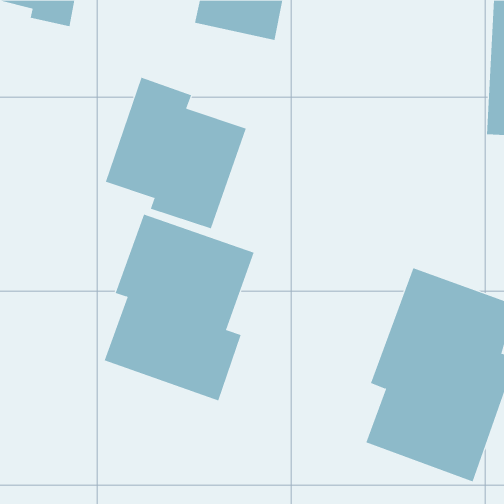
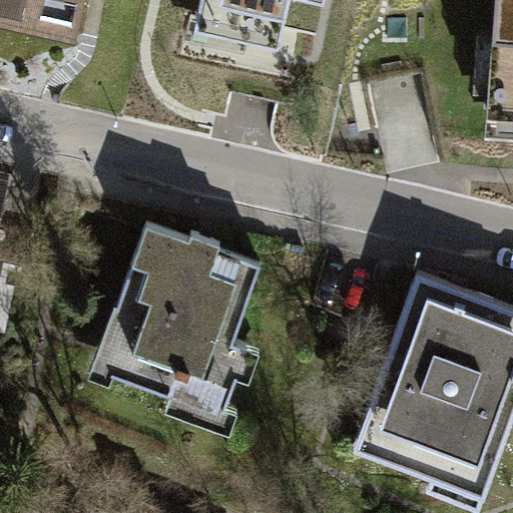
building: [105,77,246,229] -> none

